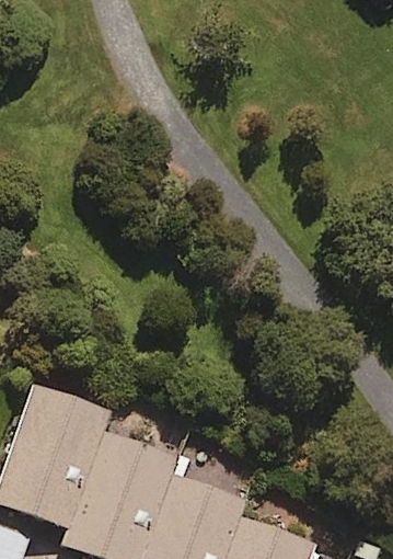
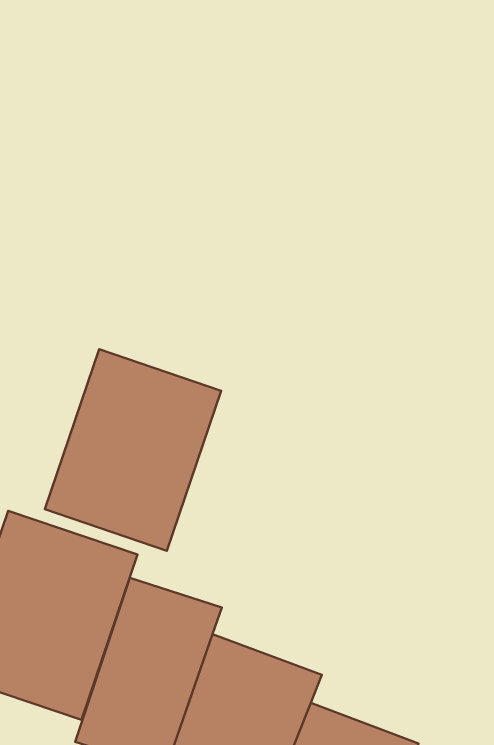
building: none -> [45,349,221,551]

